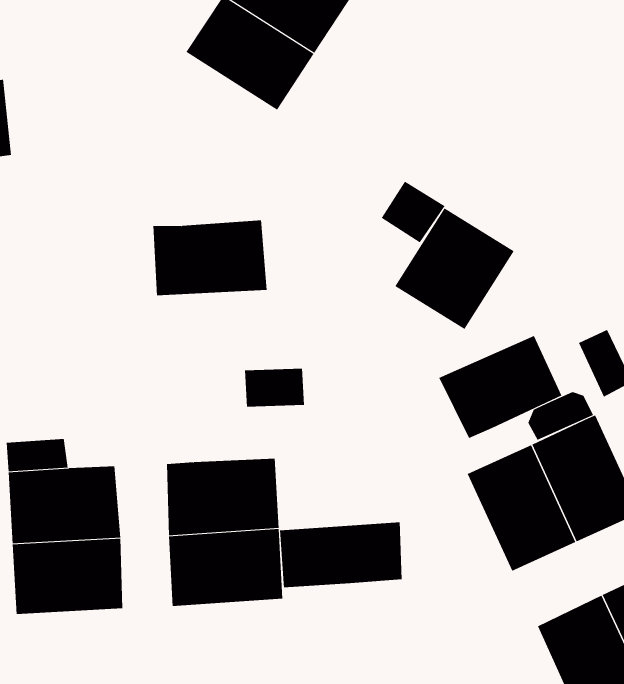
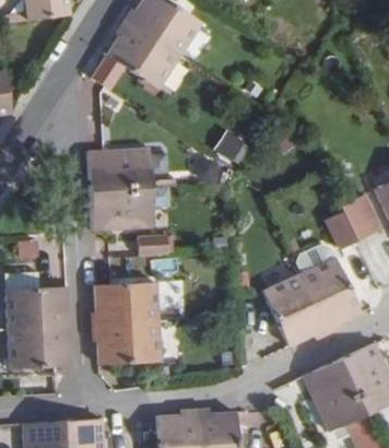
building: [395,208,514,330] -> none
building: none -> [90,188,154,231]
building: [439,335,562,439] -> none
building: [279,521,402,588] -> none

